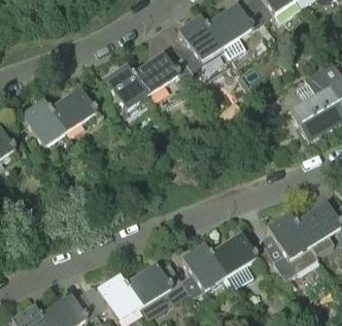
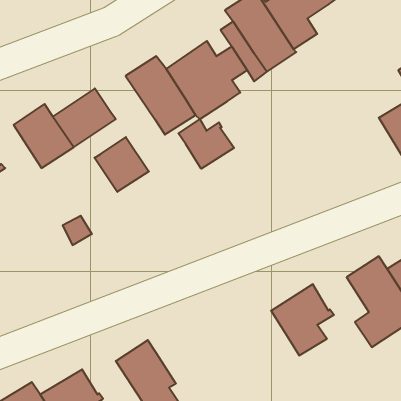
building: none -> [178,119,234,169]
building: none -> [94,137,149,192]
building: [180,242,226,296] -> none
building: [127,264,173,314] -> none

